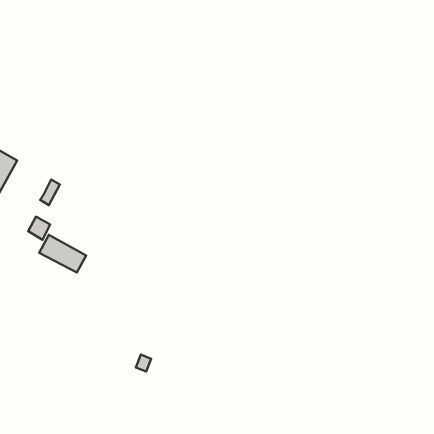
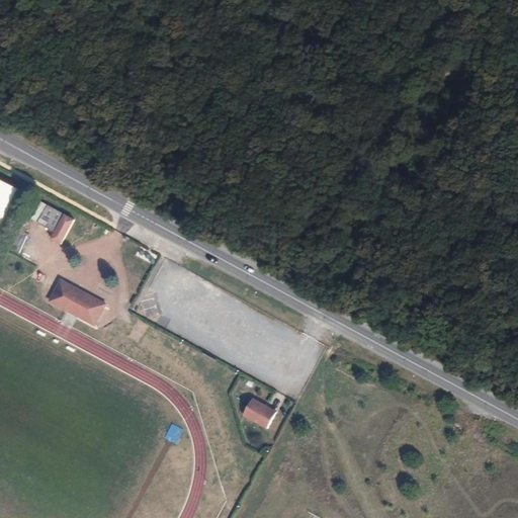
building: [28,217,50,240] -> [34,203,61,231]
building: none -> [240,397,273,427]

